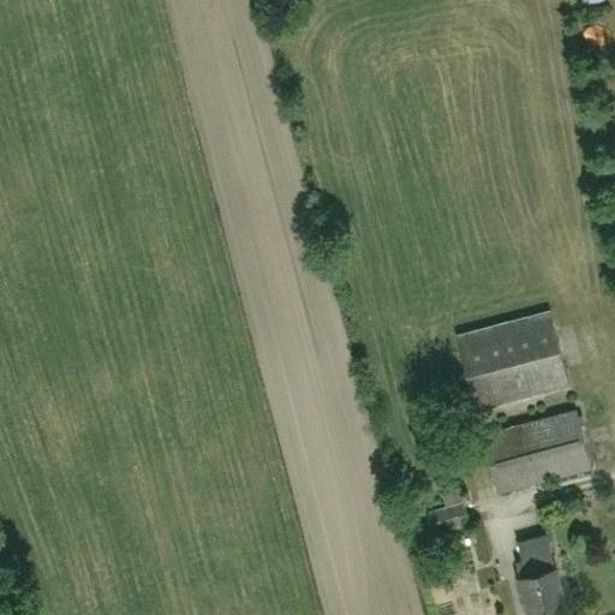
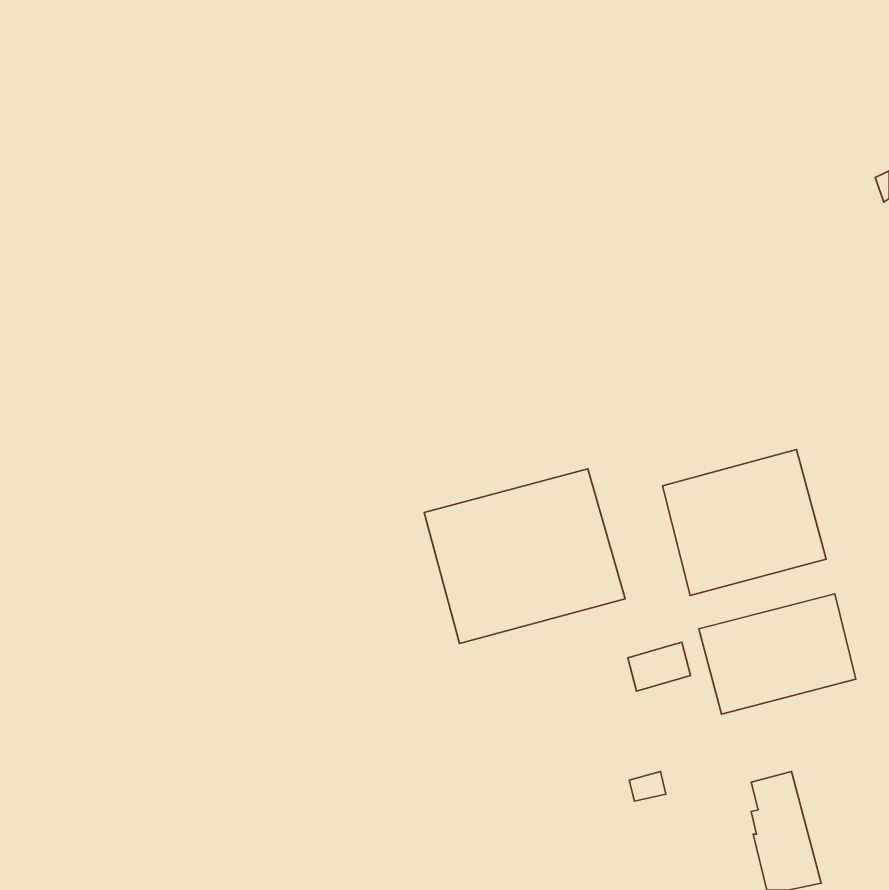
building: none -> [424,469,625,643]
building: [424,502,467,536] -> [628,642,691,691]

